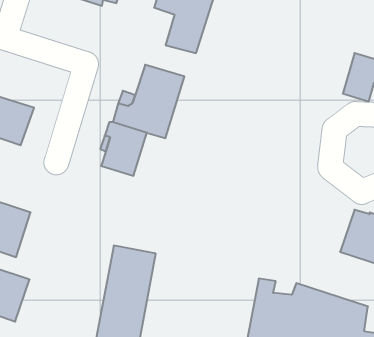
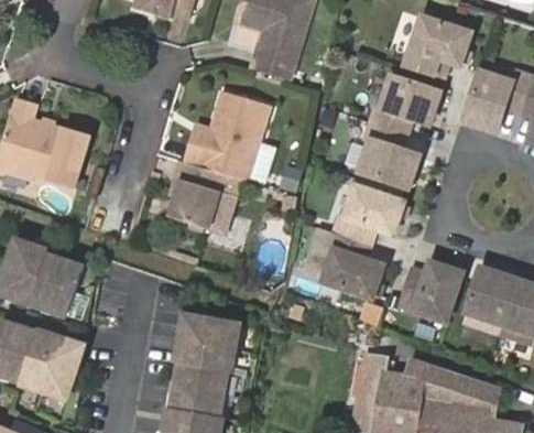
building: none -> [407,17,471,77]
building: none -> [361,76,442,187]
building: none -> [325,186,405,296]
building: none -> [400,262,464,321]

